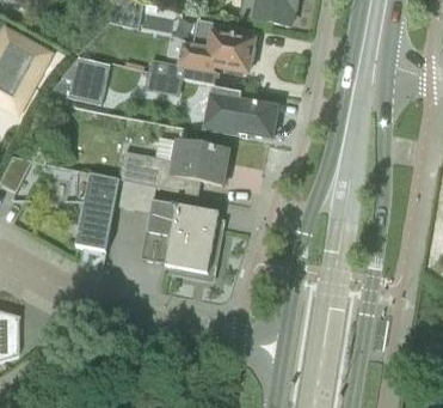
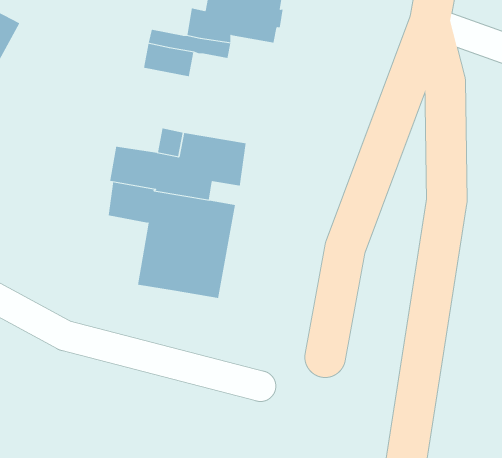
building: [61,56,109,104] -> none
building: [204,87,277,136] -> none
building: [75,169,119,251] -> none

